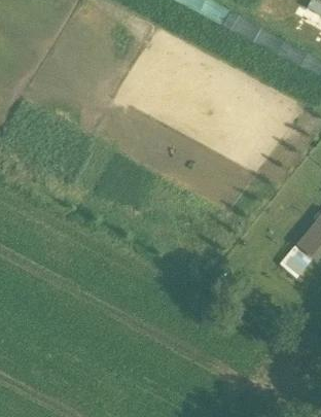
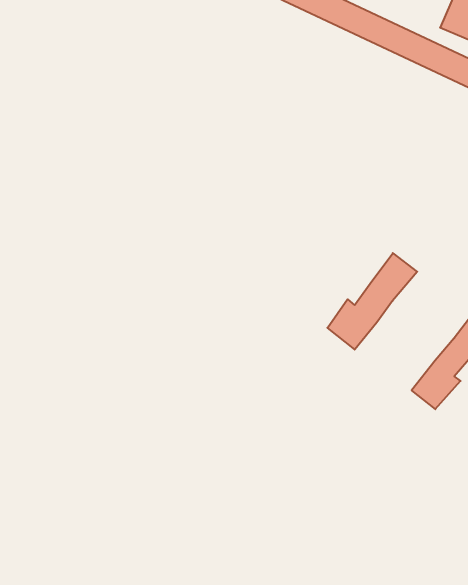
building: none -> [327,253,417,350]

